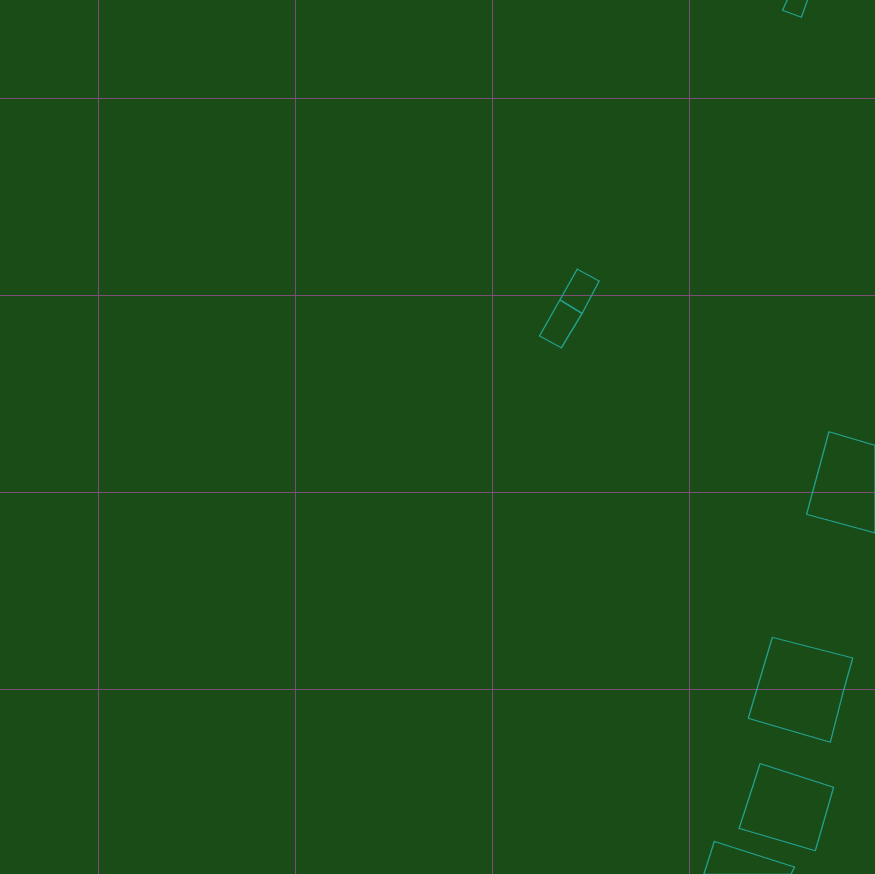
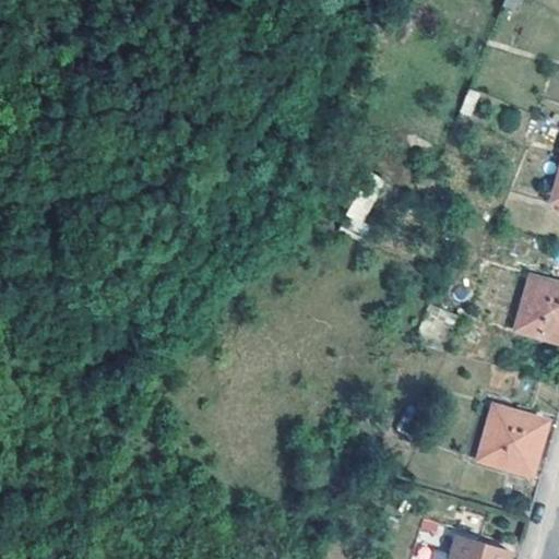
building: [739,764,833,851] -> none

